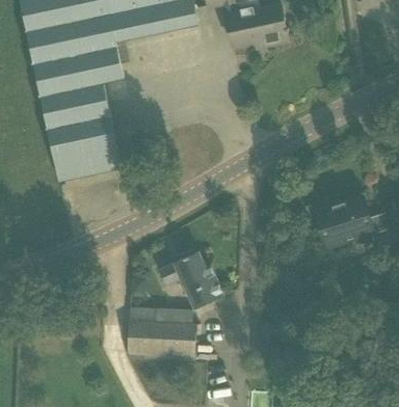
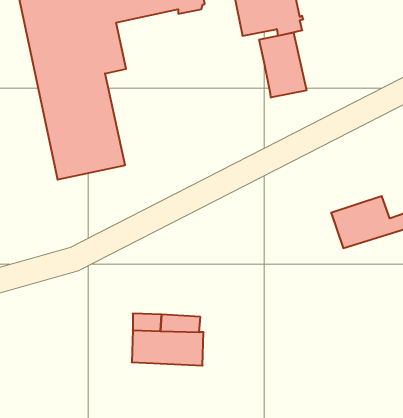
building: none -> [259,33,306,98]
building: [158,250,222,307] -> none

